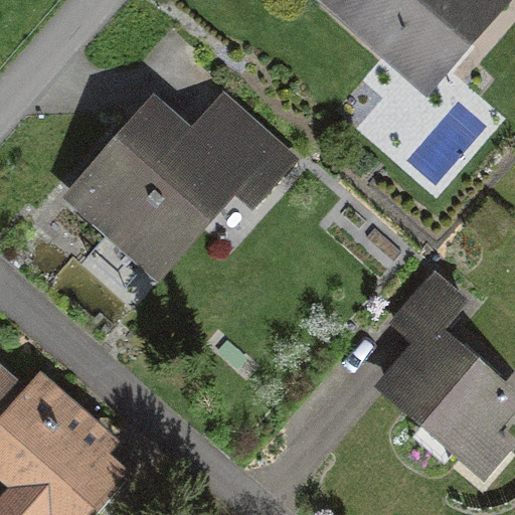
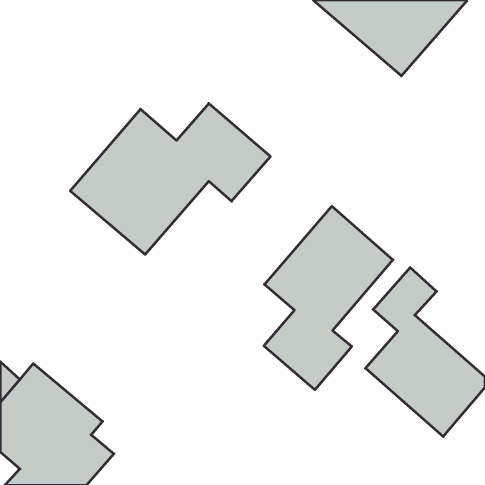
building: none -> [264,206,393,390]

